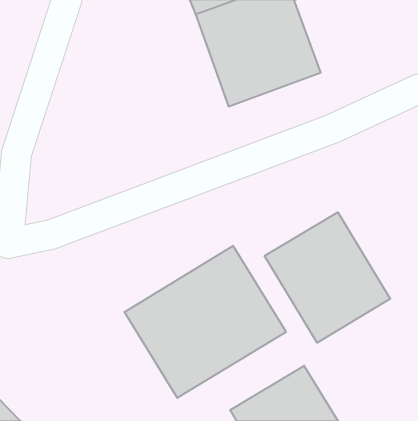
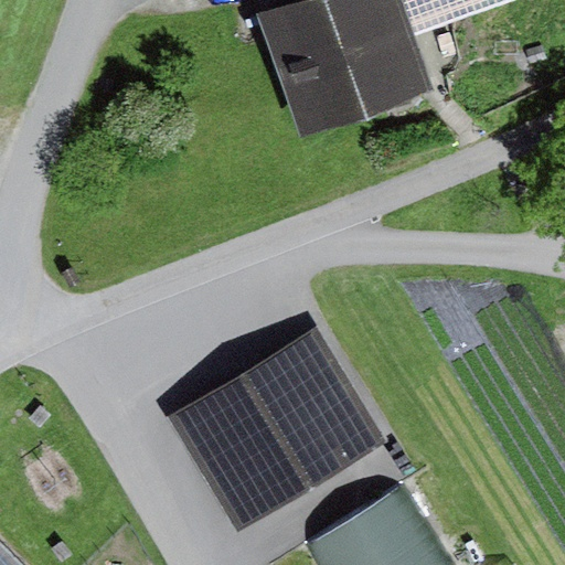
building: [265,212,390,343] -> none

